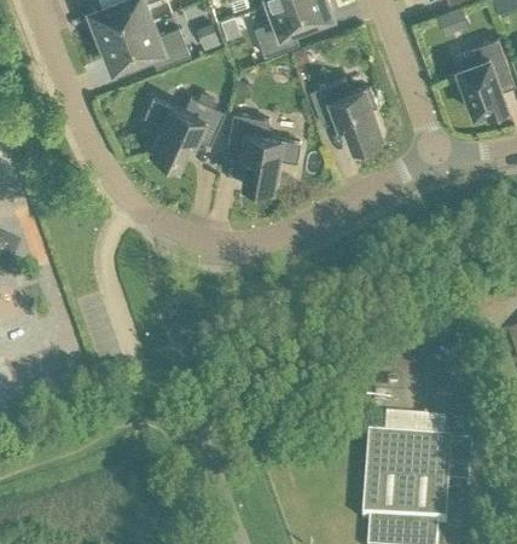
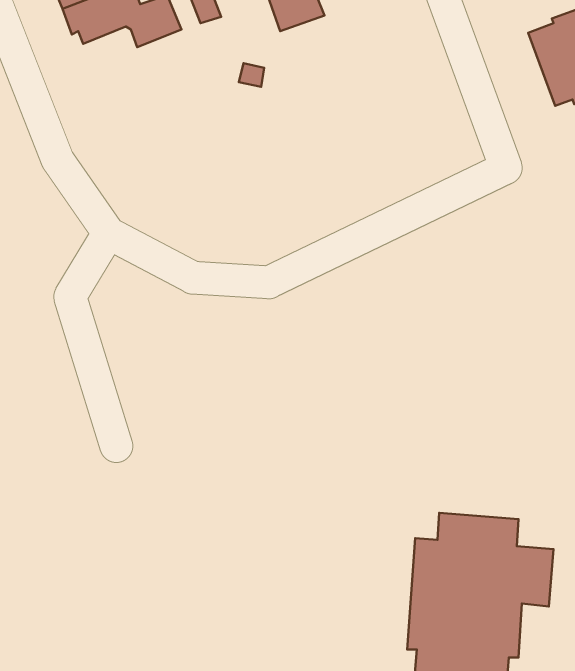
building: [310,79,382,150] -> none
building: [144,97,223,167] -> none
building: [227,114,300,192] -> none

